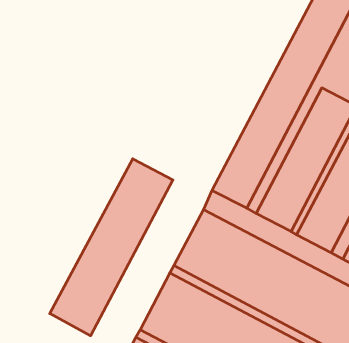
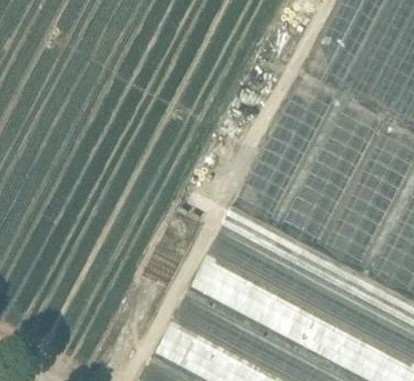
building: [50,159,173,336] -> none

